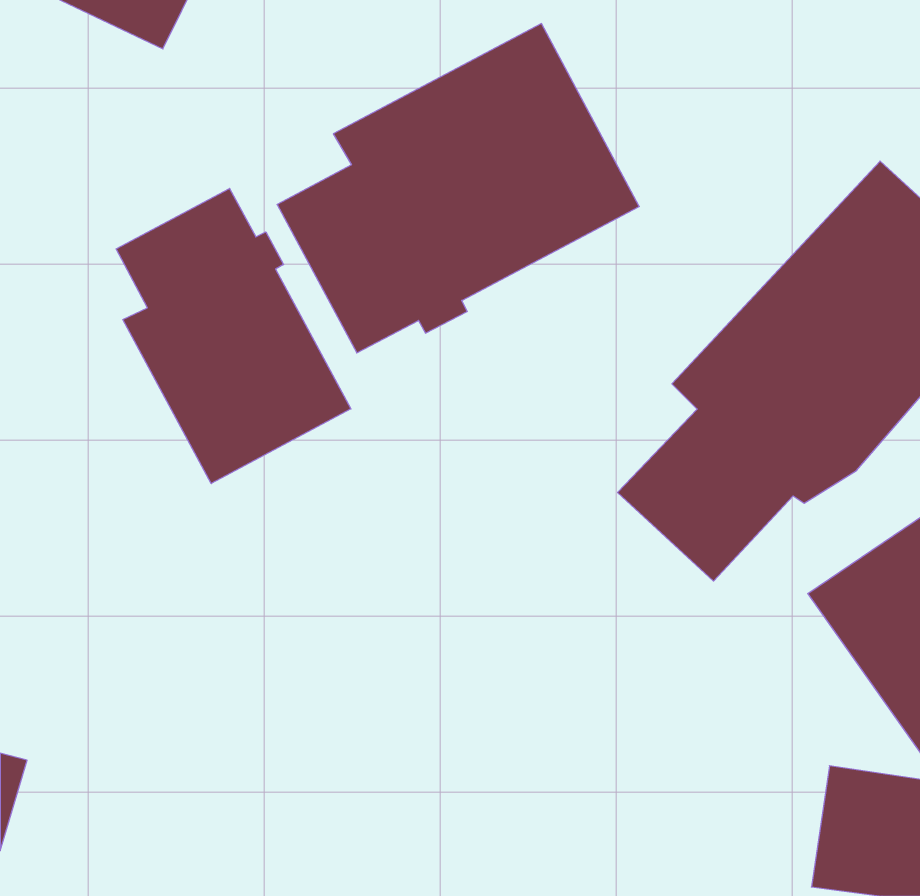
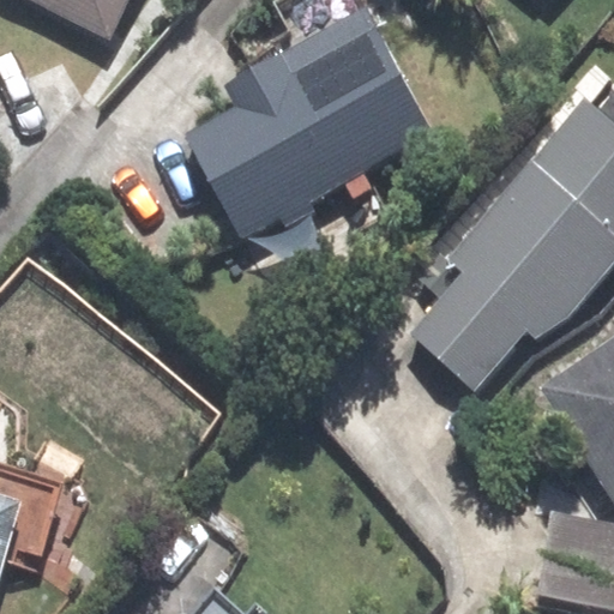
building: [116,188,351,484] -> none

